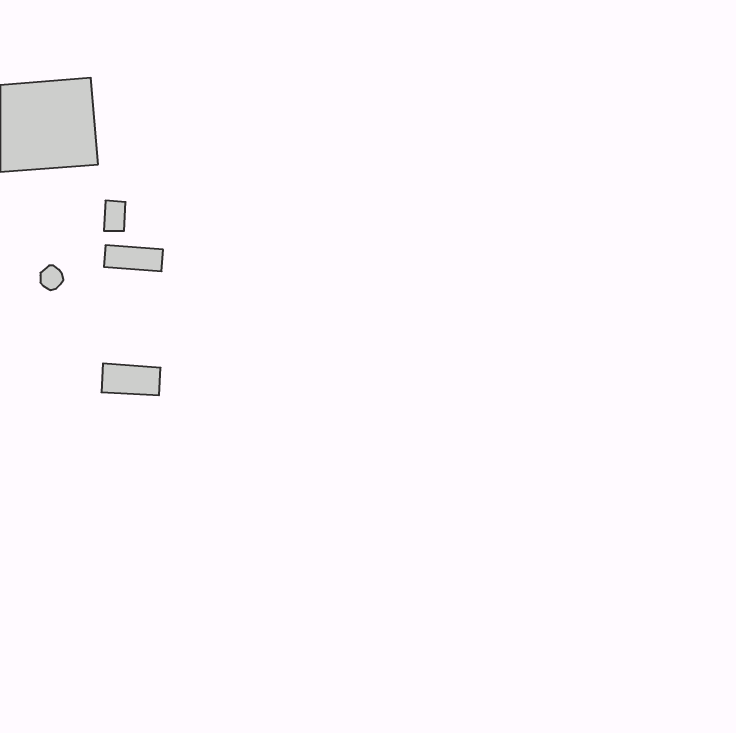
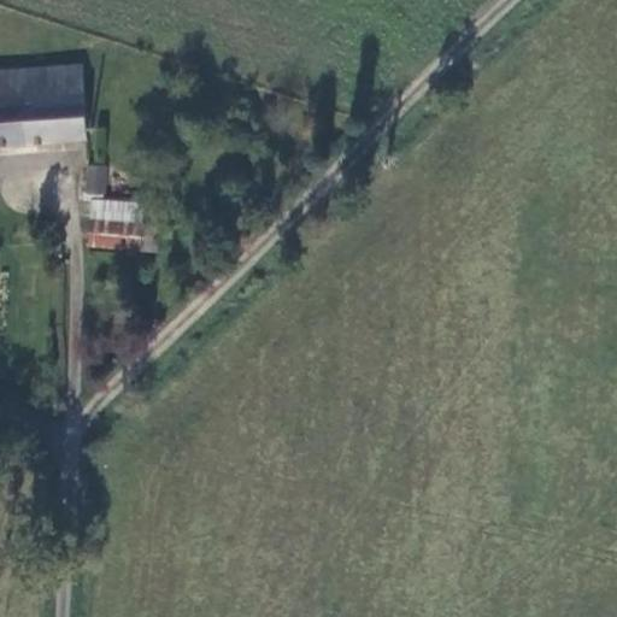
building: [101,363,161,395] -> [87,223,136,249]

